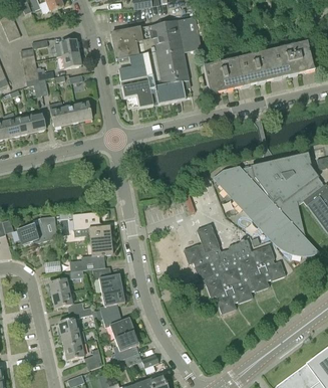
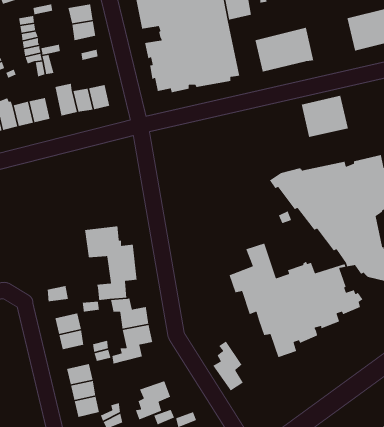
building: [243,50,280,83] -> [301,95,349,138]
building: [17,215,56,244] -> none
building: none -> [212,340,244,392]
building: [101,313,133,338] -> none

